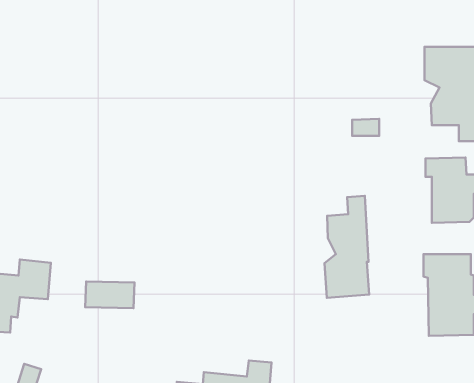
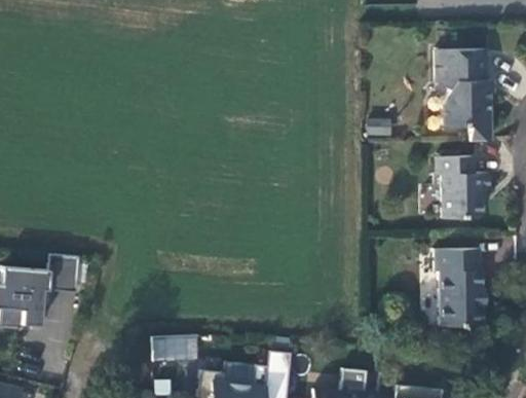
building: [324,196,369,298] -> none
building: [85,281,135,308] -> [152,334,199,360]

